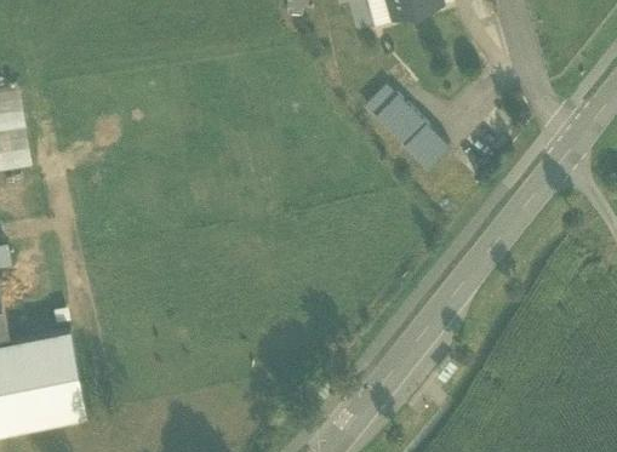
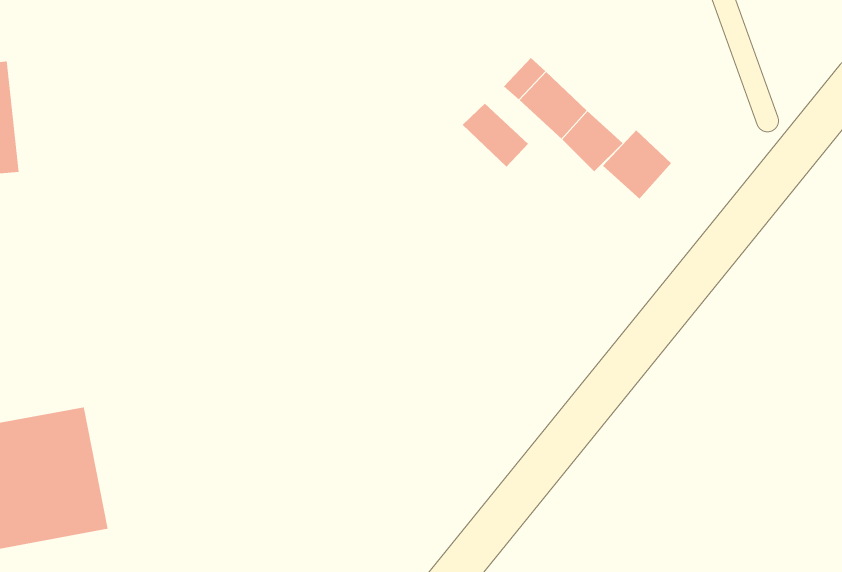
building: none -> [462,103,529,168]
building: none -> [602,129,672,199]

